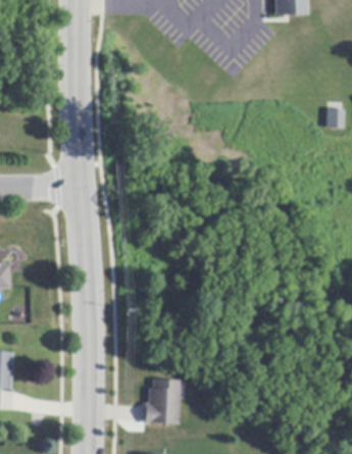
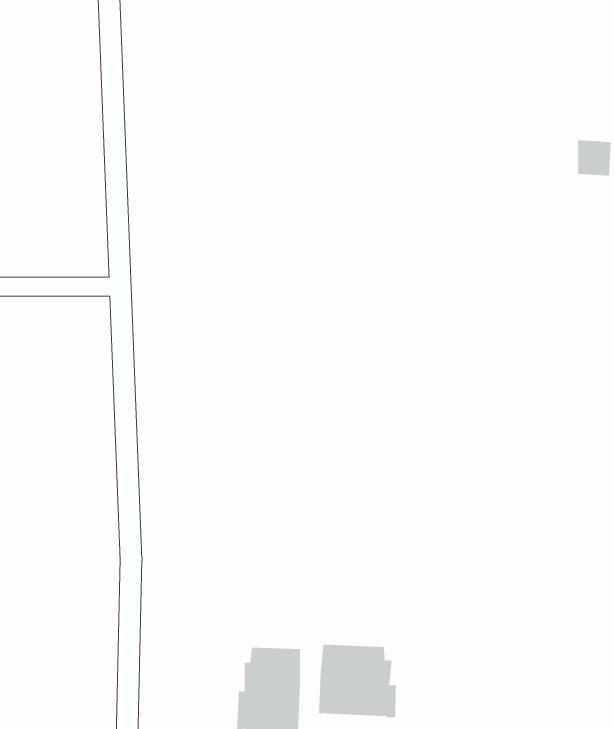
building: none -> [319,644,397,719]

